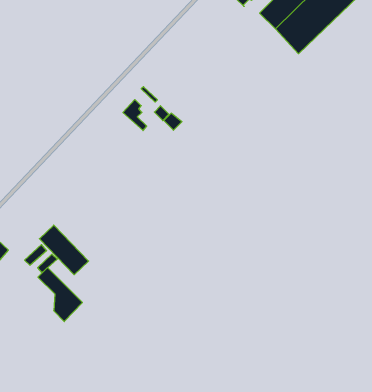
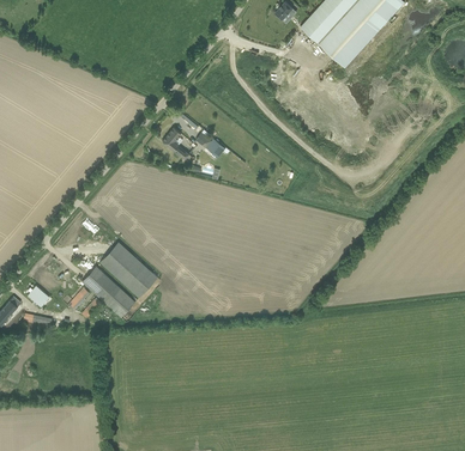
building: [38,268,82,322] -> [108,240,157,297]

